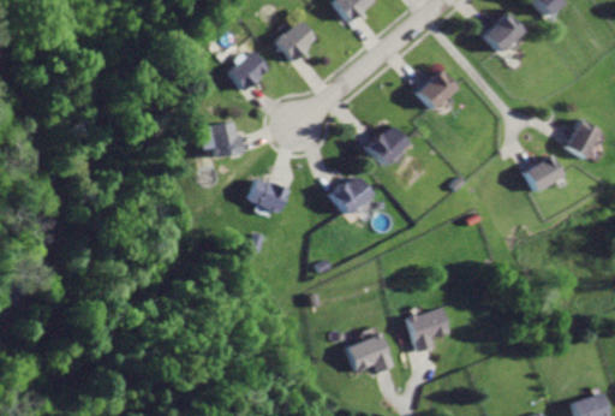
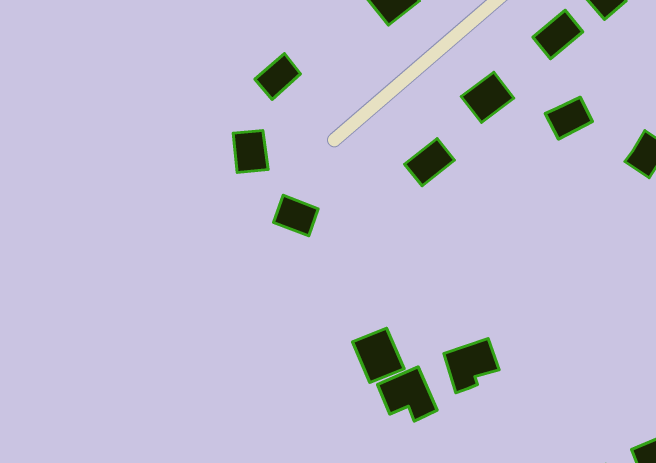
building: [279,18,322,60] -> none
building: [519,155,561,192] -> [545,97,592,139]
building: [328,177,372,219] -> none
building: none -> [352,328,404,382]

